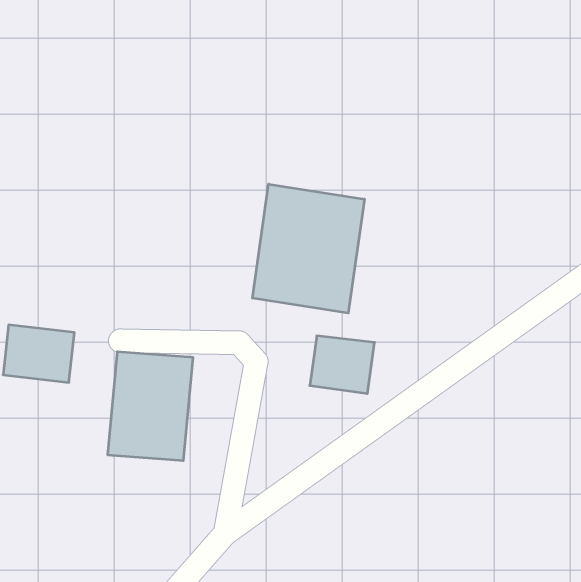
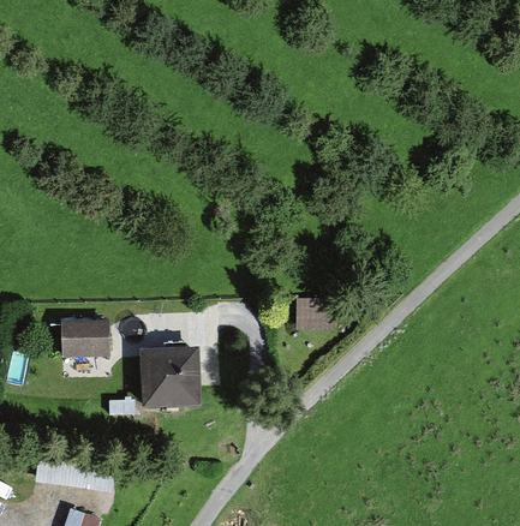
building: [252,184,364,313] -> none

